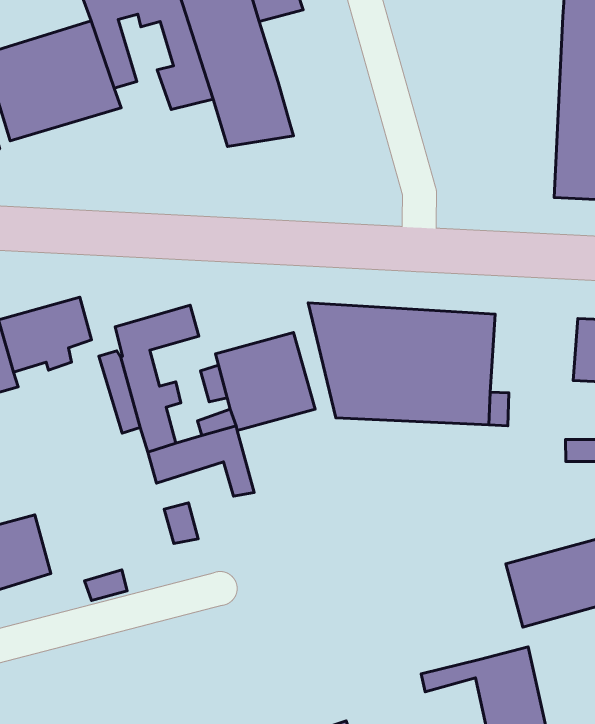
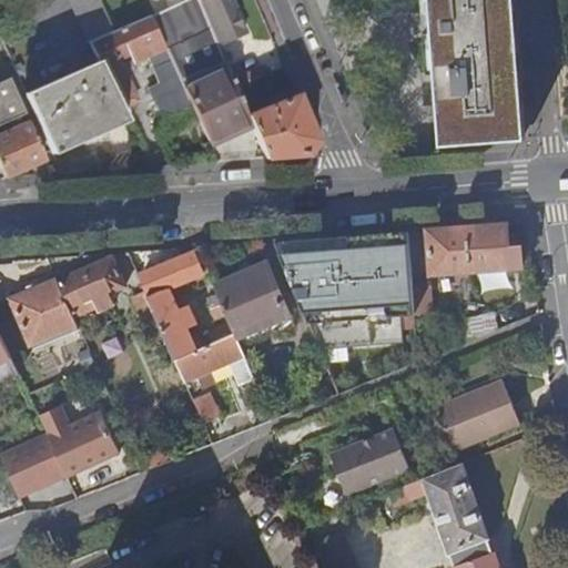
building: none -> [246,95,314,159]
building: none -> [428,226,469,273]
building: none -> [333,427,413,494]

